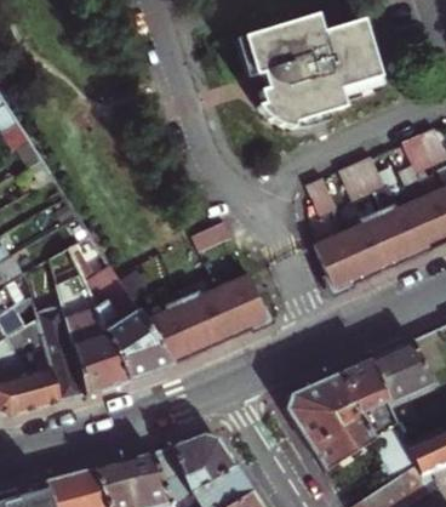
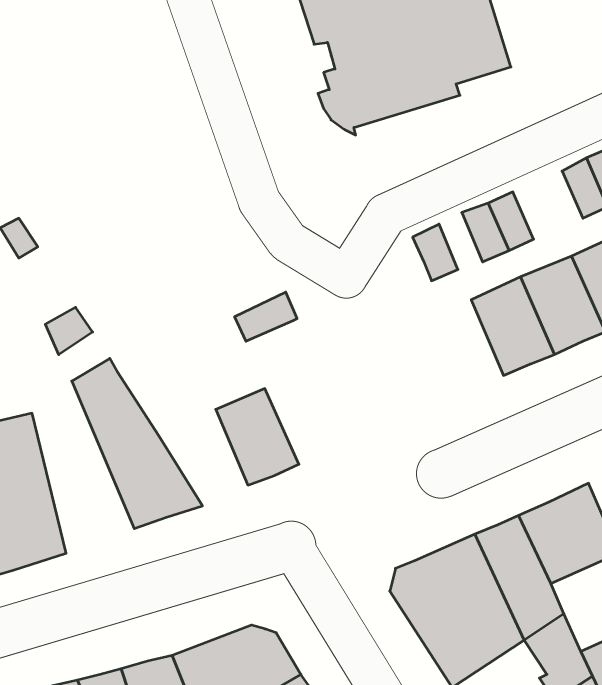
building: [311,227,364,289] -> none
building: [57,267,127,389] -> none
building: [211,269,265,332] -> none
building: [143,297,200,359] -> none

